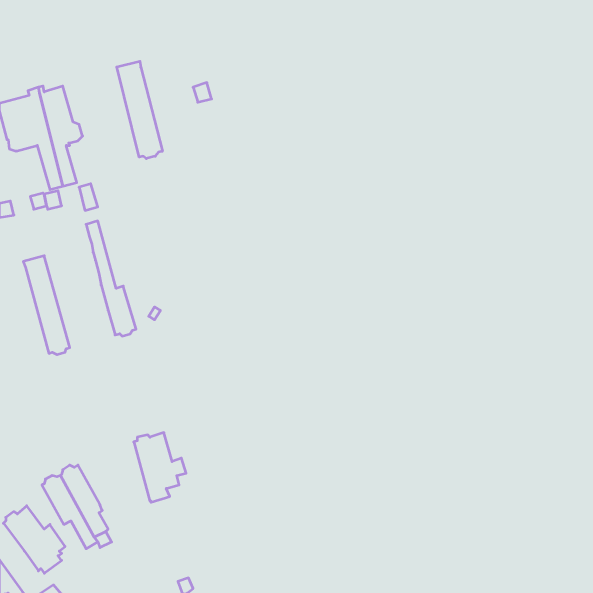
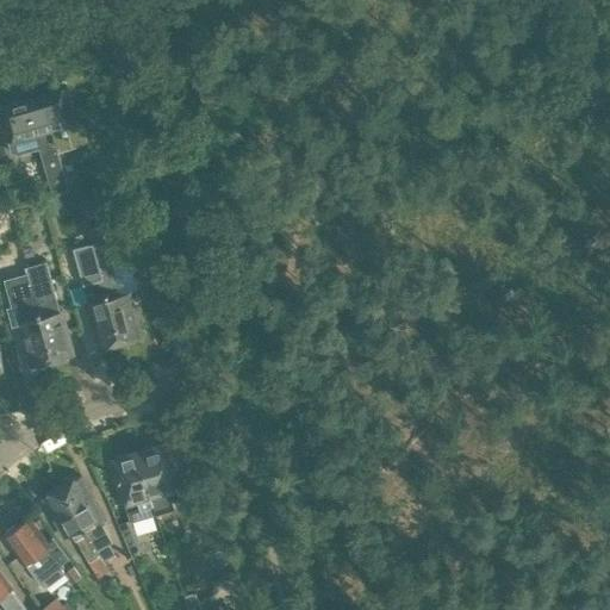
building: [117,61,162,159] -> none
building: none -> [71,244,118,351]
building: none -> [5,275,50,371]
building: none -> [108,454,154,523]

